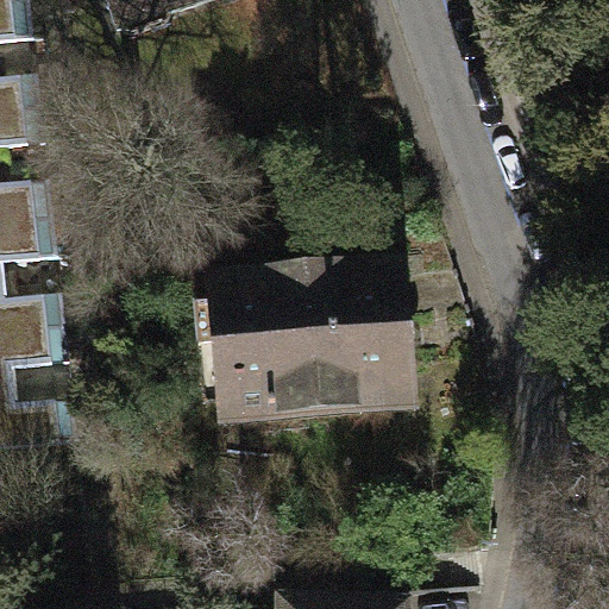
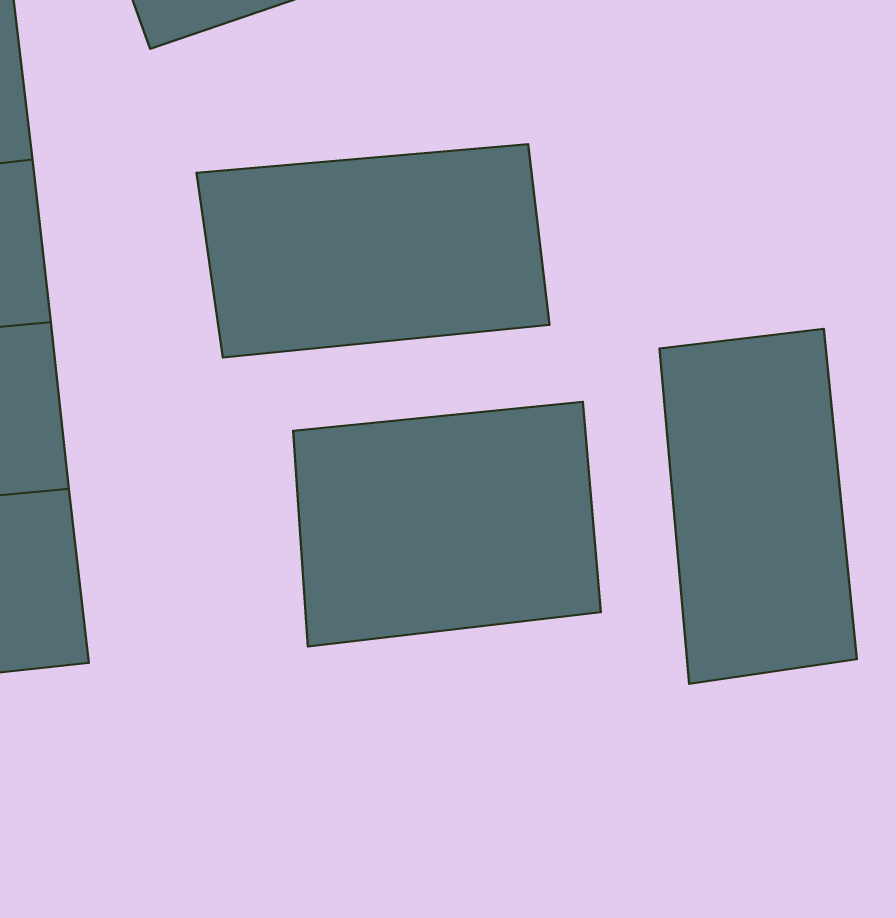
building: none -> [196,144,550,357]
building: none -> [660,329,857,684]

